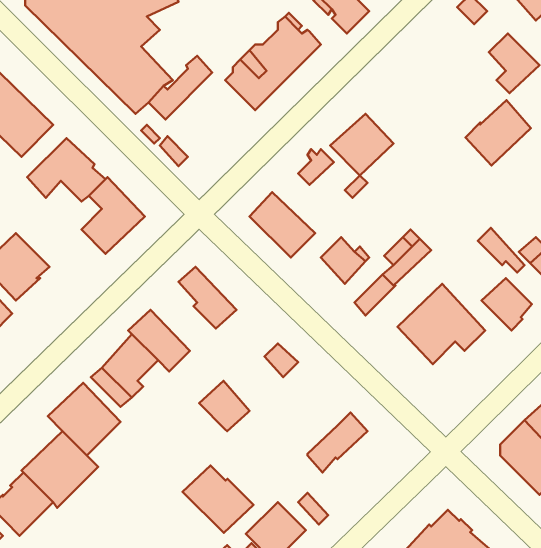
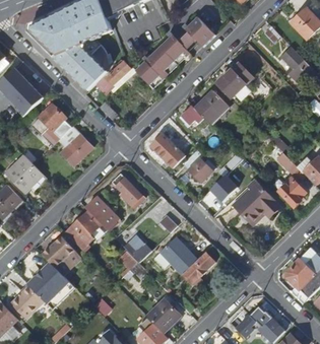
building: [465,100,531,166] -> [217,63,253,98]
building: [183,466,254,533] -> [159,237,198,274]

